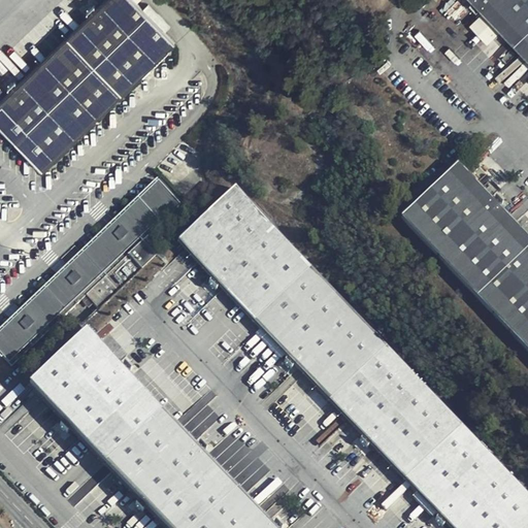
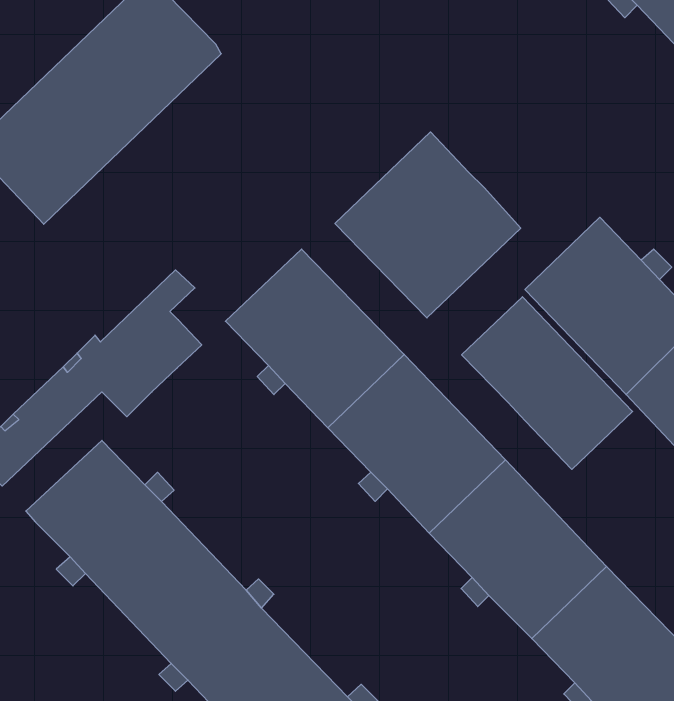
building: none -> [335,132,521,318]
building: [81,178,179,255] -> none
building: none -> [462,297,633,469]

